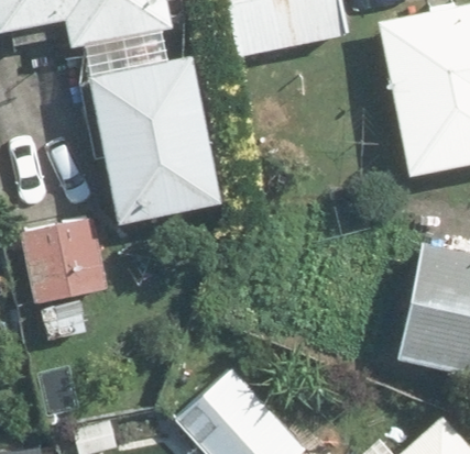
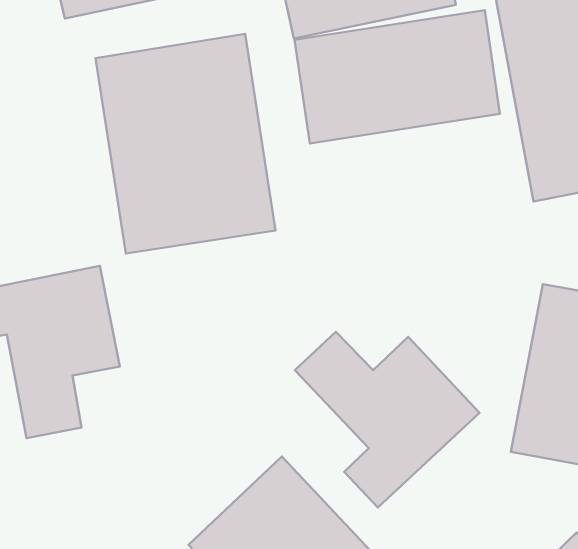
building: none -> [295,10,500,143]
building: none -> [295,332,480,507]

